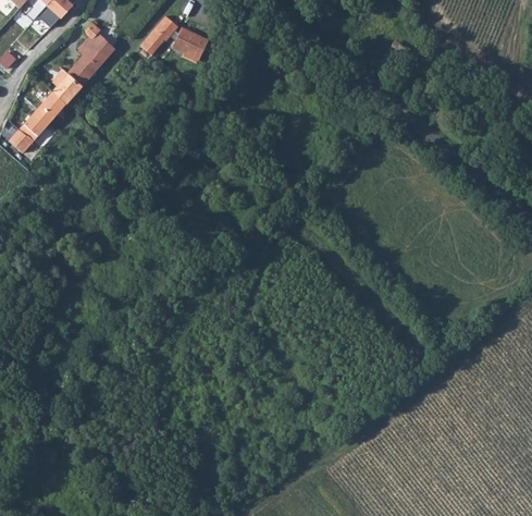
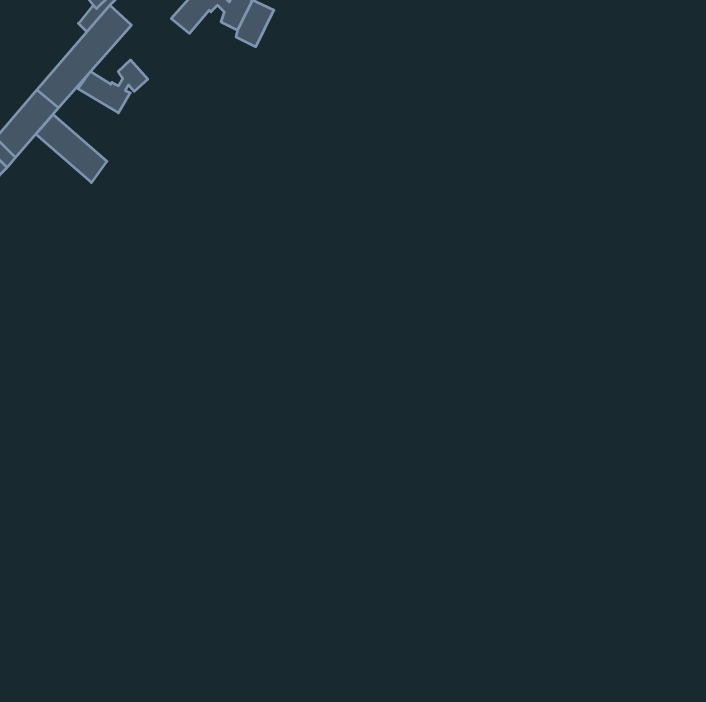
building: none -> [78,60,148,113]
building: none -> [36,115,107,183]

